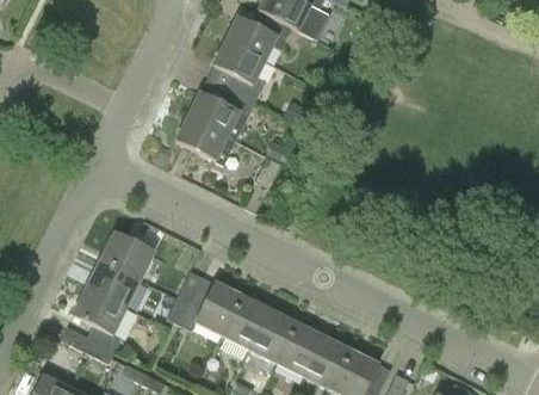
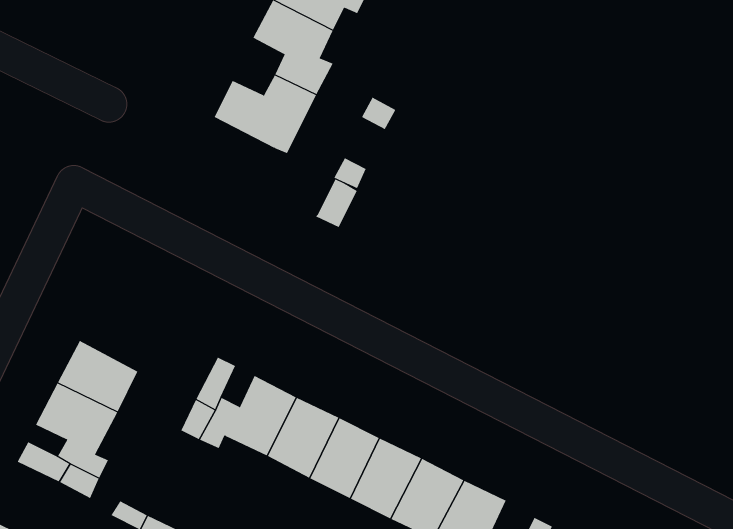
building: [176,115,236,160] -> none
building: [101,232,154,279] -> none

